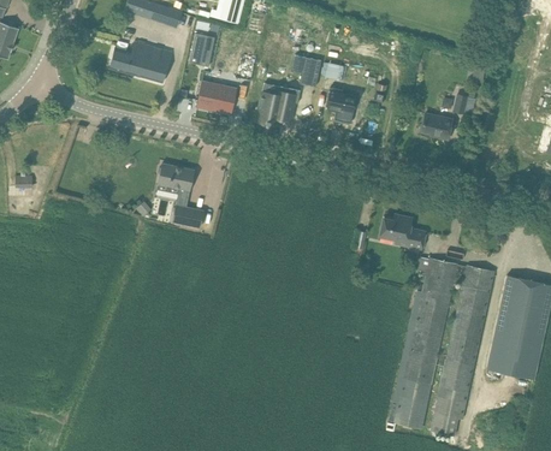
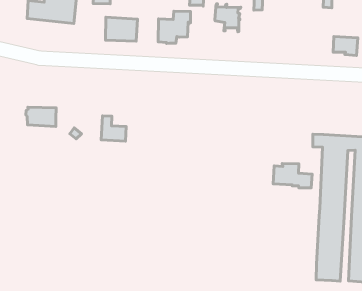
building: [421,113,452,140] -> [333,36,358,56]
building: [158,164,194,191] -> [26,107,56,127]
building: [379,214,426,248] -> [273,163,312,188]

